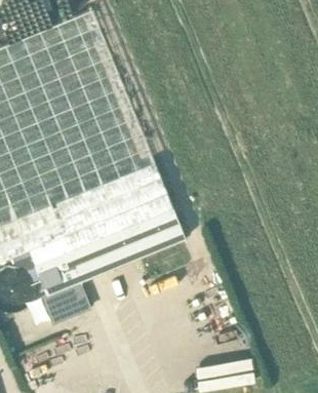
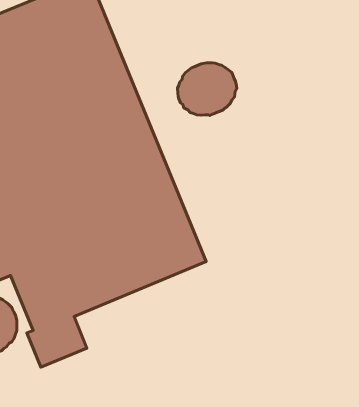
building: none -> [177,63,237,115]

